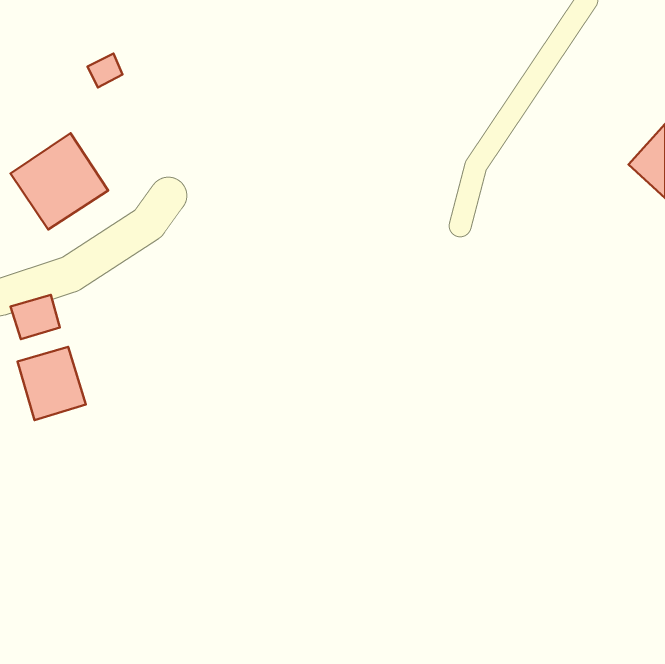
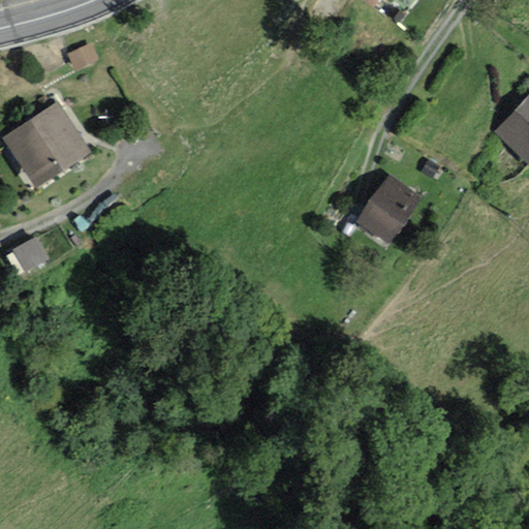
building: none -> [360,179,417,241]
building: [17,347,86,420] -> none

